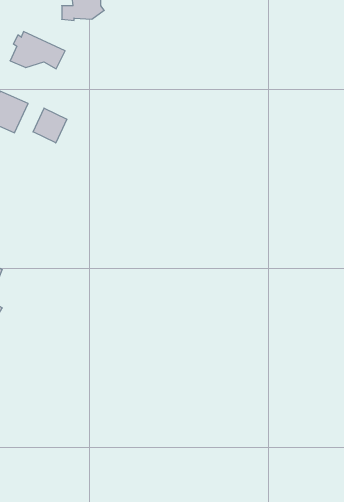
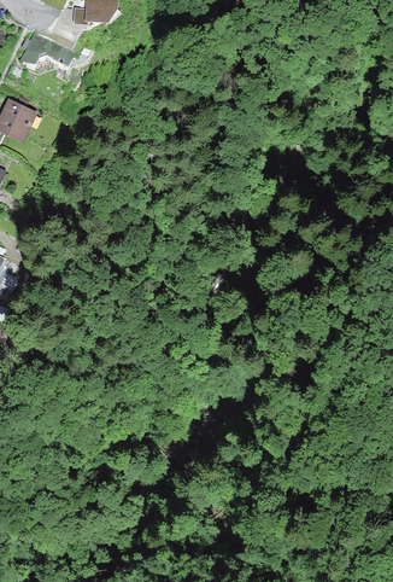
building: [33,108,67,143] -> none

